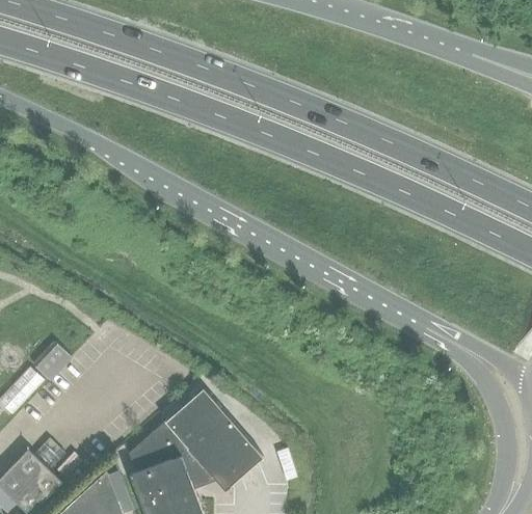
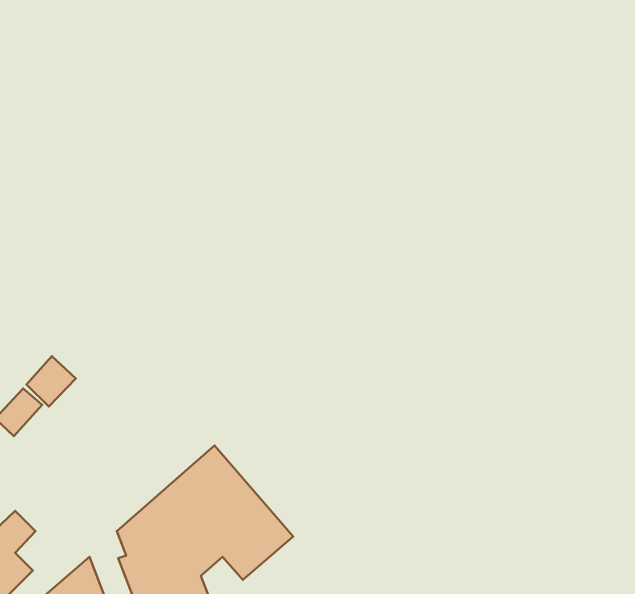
building: none -> [26,356,76,407]

